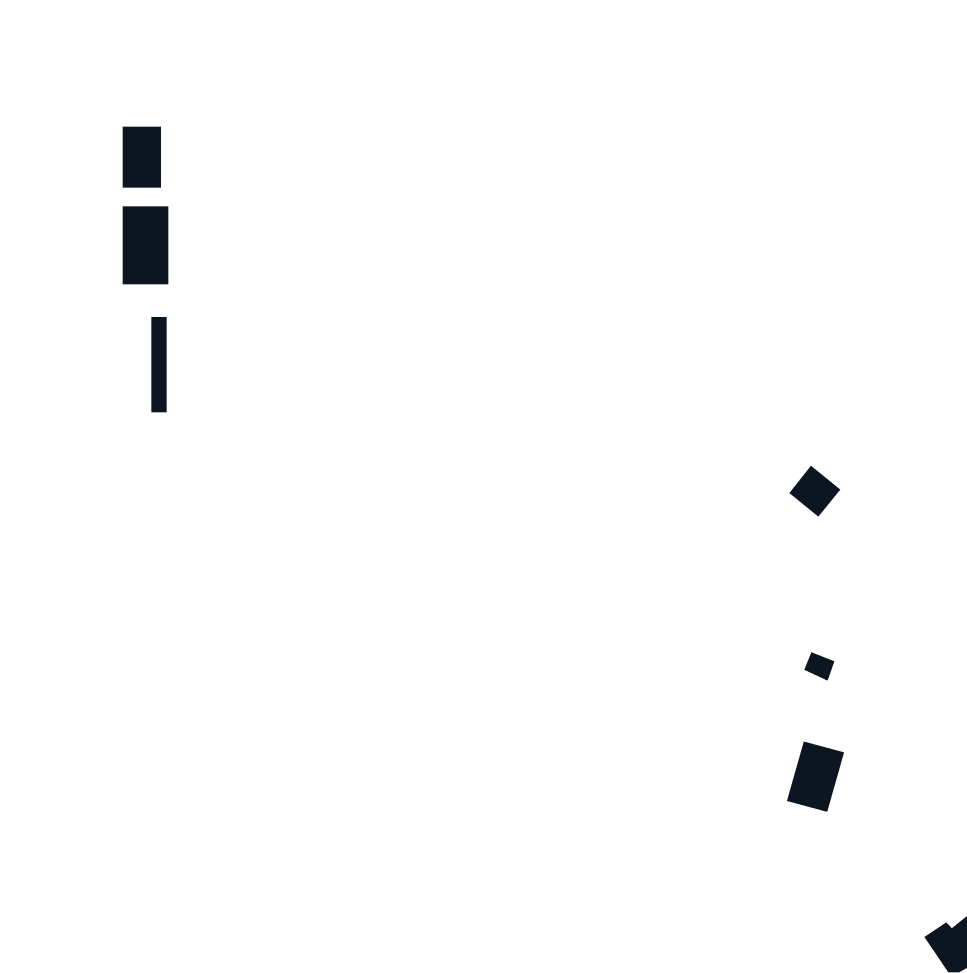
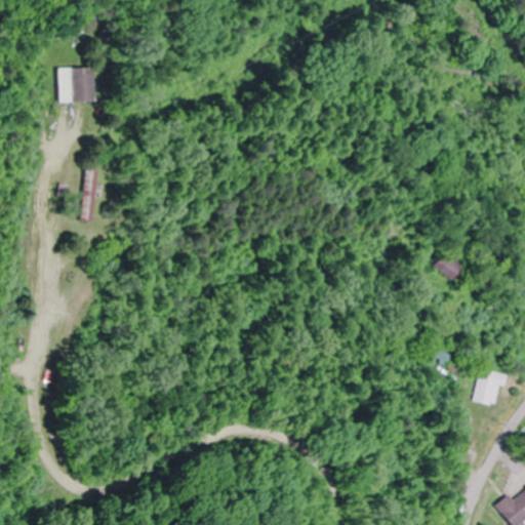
building: [122,206,169,285] -> none
building: [786,740,845,813] -> [475,369,507,408]

